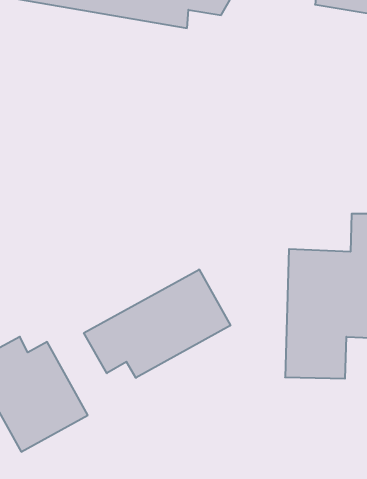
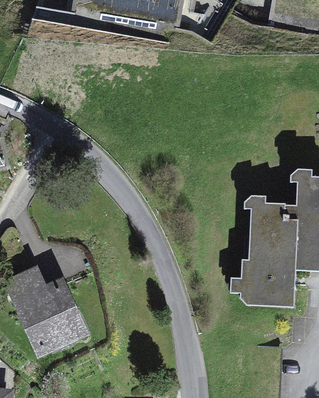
building: [84,269,230,378] -> none

